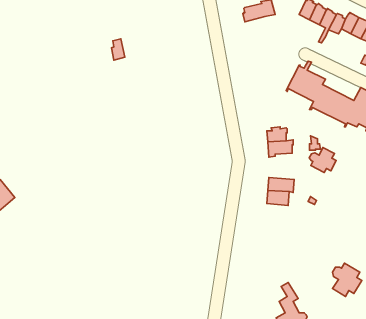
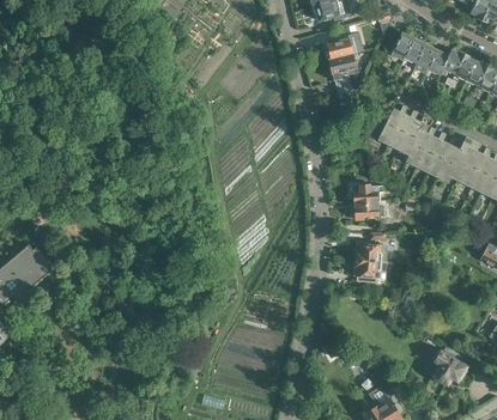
building: none -> [328,54,359,95]
building: [309,148,336,173] -> none

